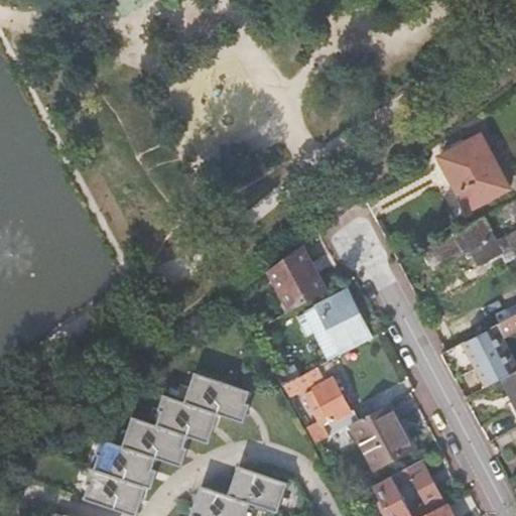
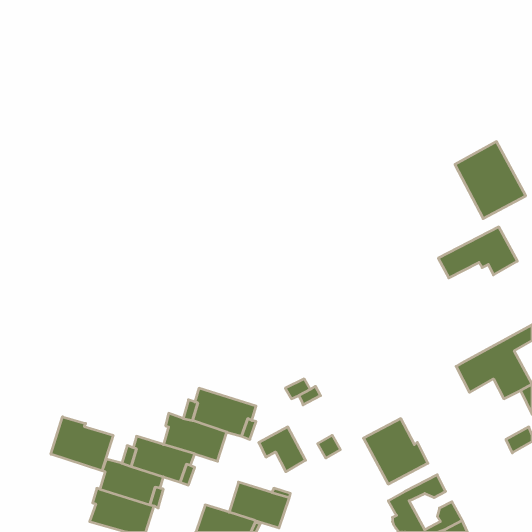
building: [265,248,324,312] -> none
building: [315,291,371,353] -> none
building: [304,379,350,422] -> [259,427,306,472]
building: none -> [51,417,113,471]

